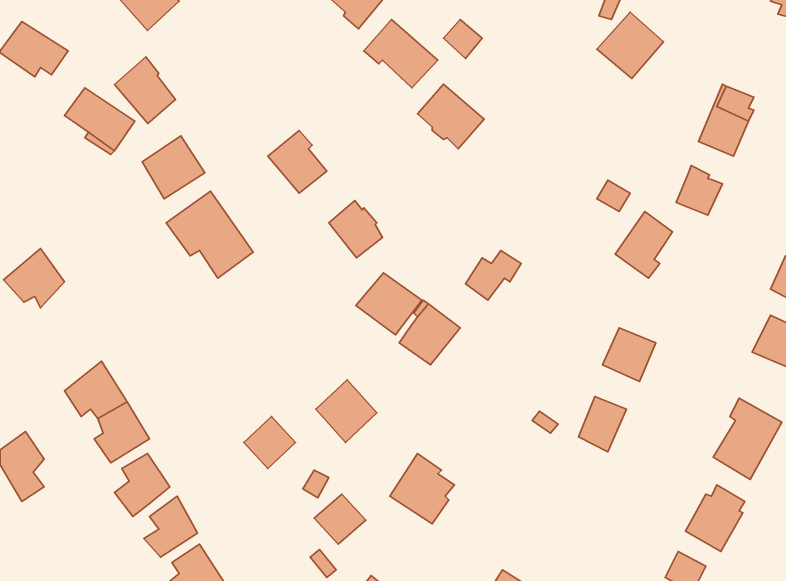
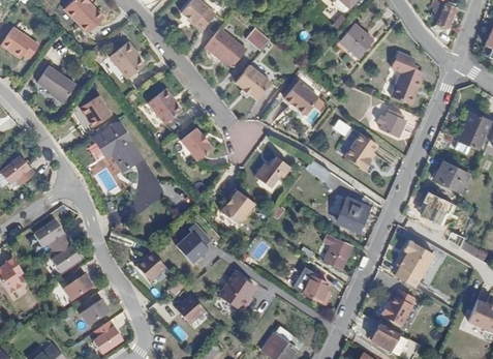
building: [115,57,176,123] -> [111,41,145,79]
building: none -> [284,82,318,115]
building: [356,273,422,335] -> none
building: none -> [302,274,328,300]

